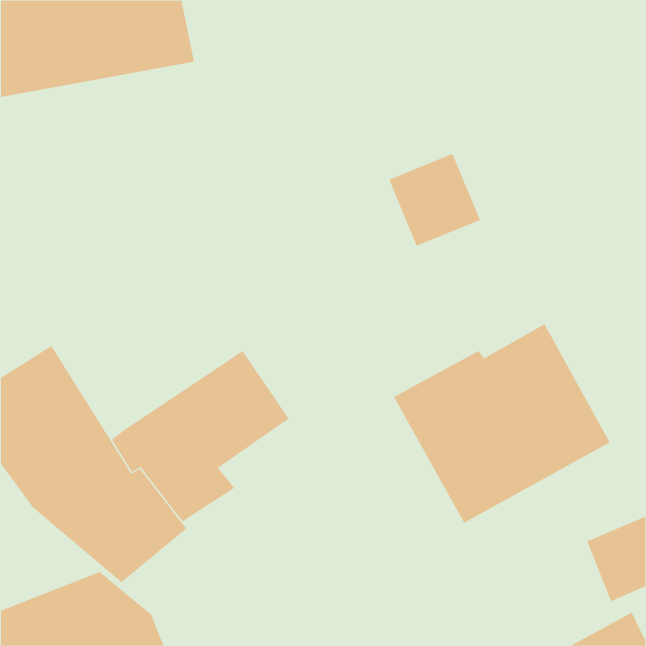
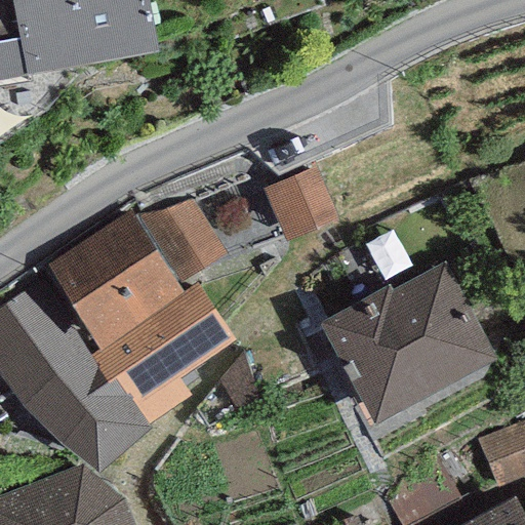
building: [388,153,481,247] -> [264,166,338,242]
building: none -> [140,200,225,282]
building: none -> [45,210,184,349]

